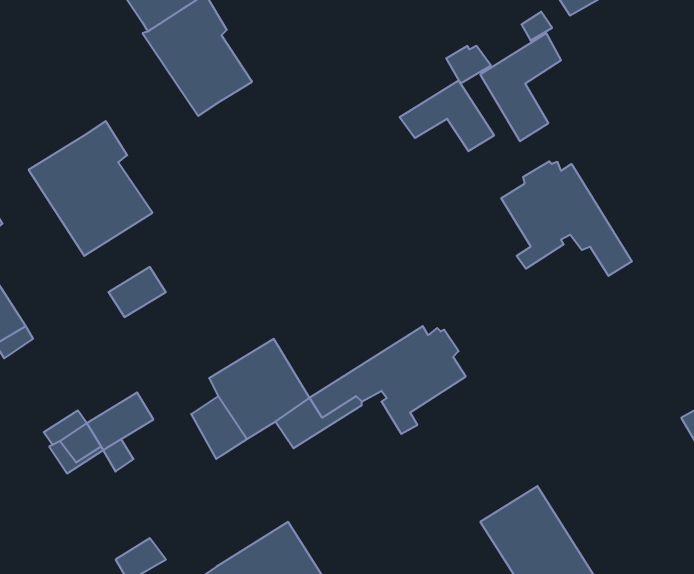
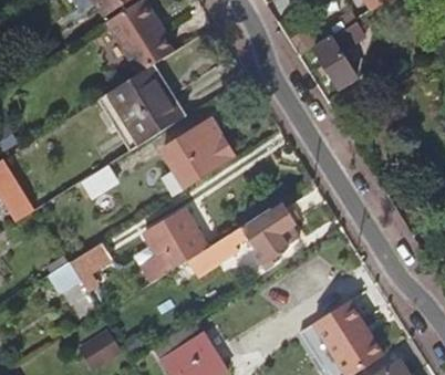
building: [400,81,494,151] -> none
building: [29,121,152,256] -> [104,64,180,147]
building: [501,161,632,276] -> none
building: none -> [164,119,232,185]

